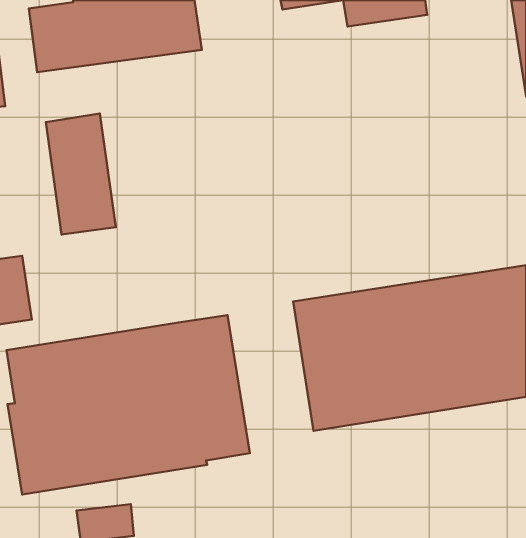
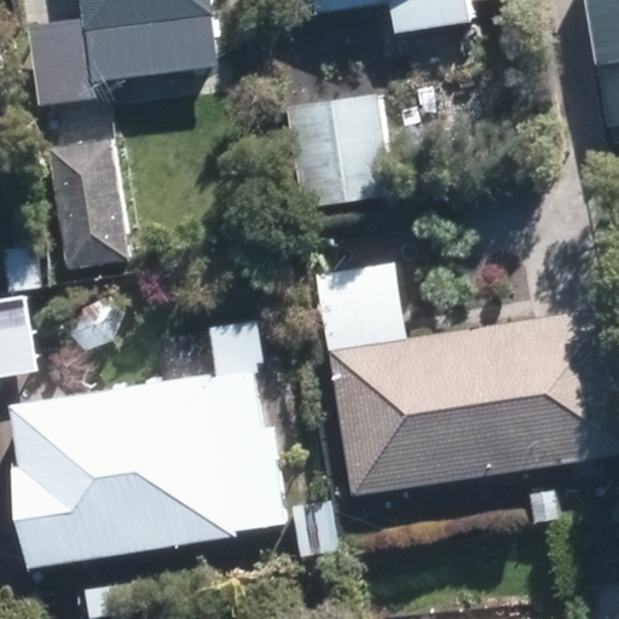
building: none -> [293,94,397,212]

